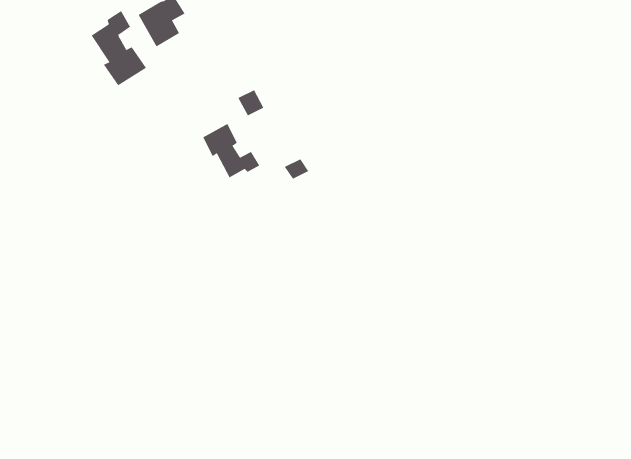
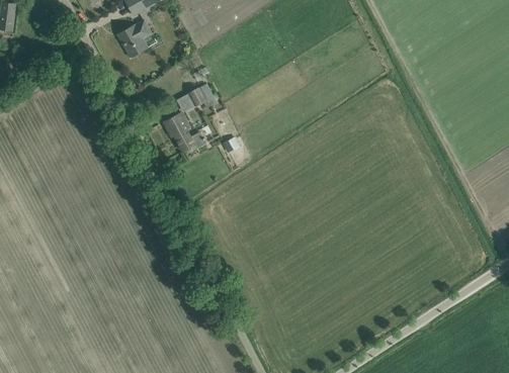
building: [91,10,147,86] -> none

